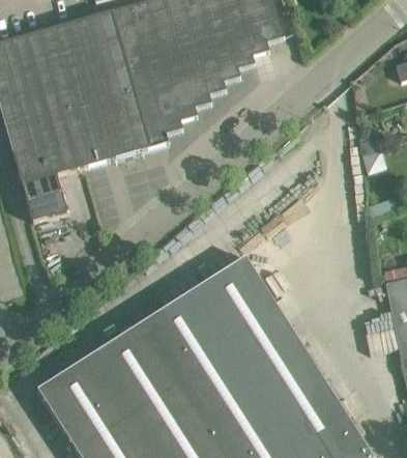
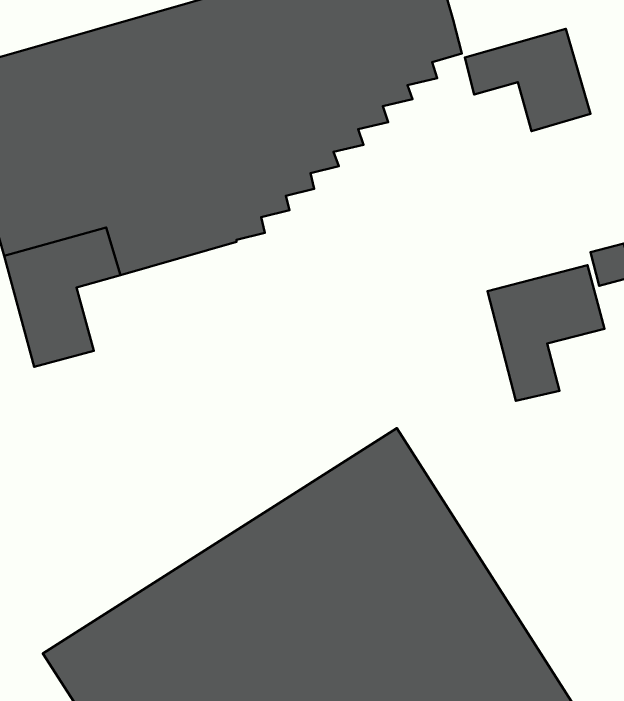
building: none -> [465,29,590,131]
building: none -> [488,265,605,401]

